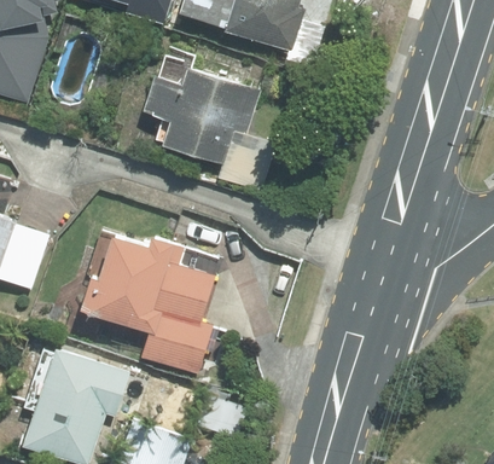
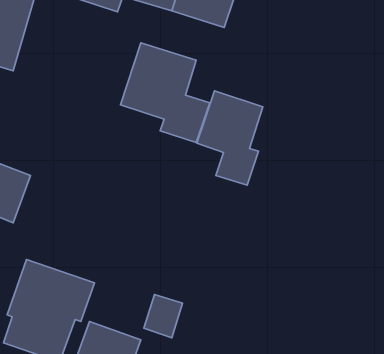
building: none -> [197,91,263,185]
building: [82,228,214,373] -> none

